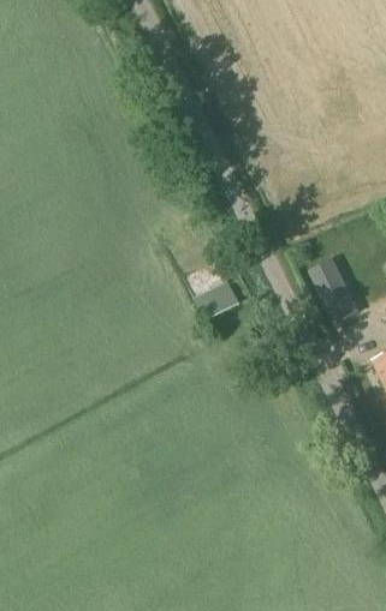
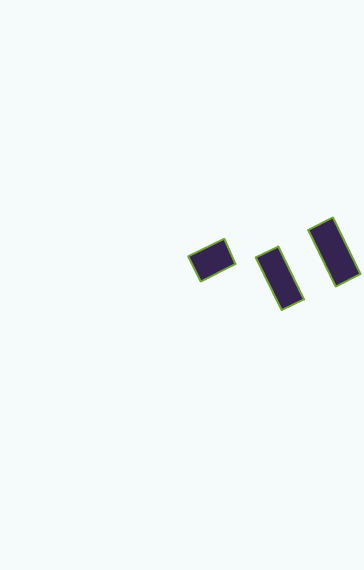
building: none -> [256,246,304,310]

